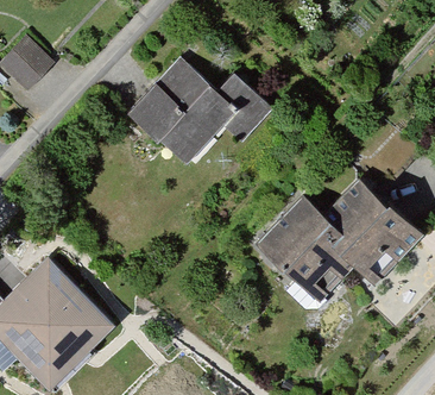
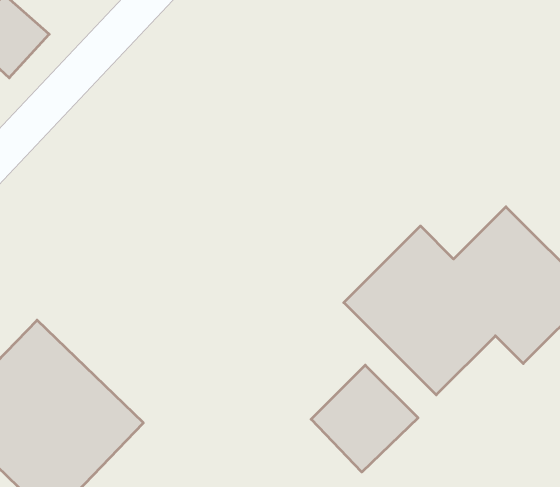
building: [127,57,277,170] -> none
building: none -> [311,365,418,472]

